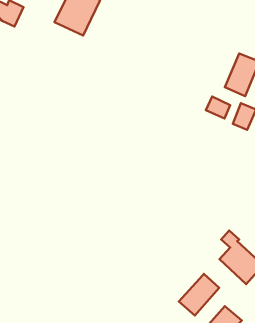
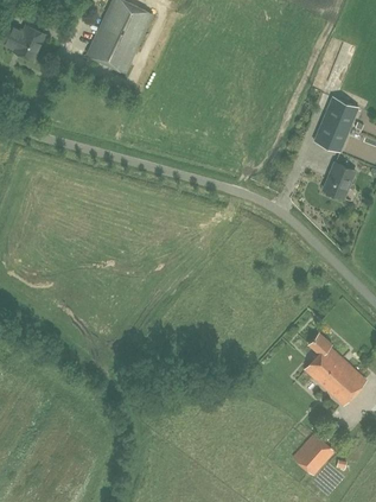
building: [206,96,230,118] -> none
building: [179,274,219,315] -> none

